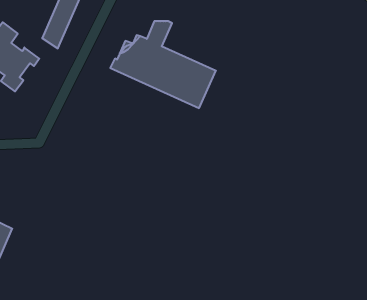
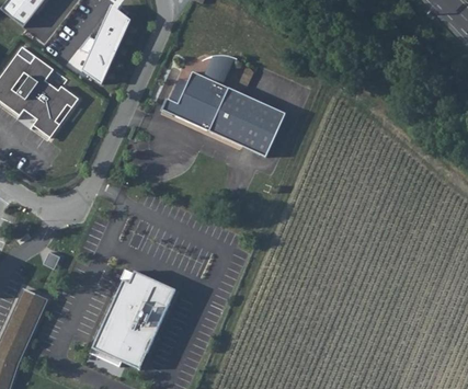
building: none -> [91,271,175,369]

